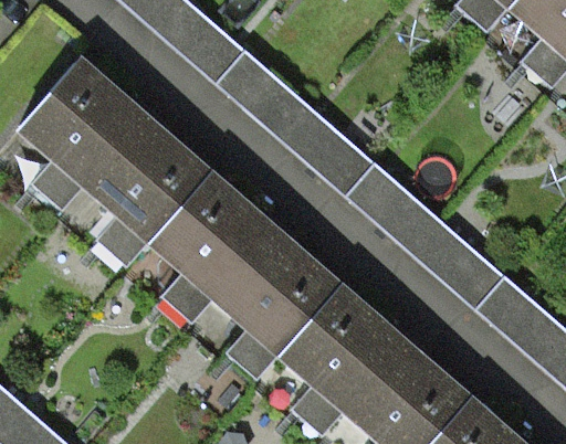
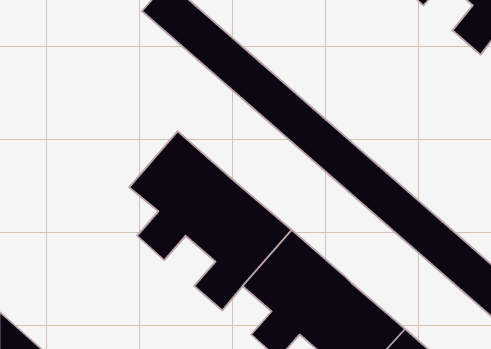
building: [21,63,207,267] -> none

